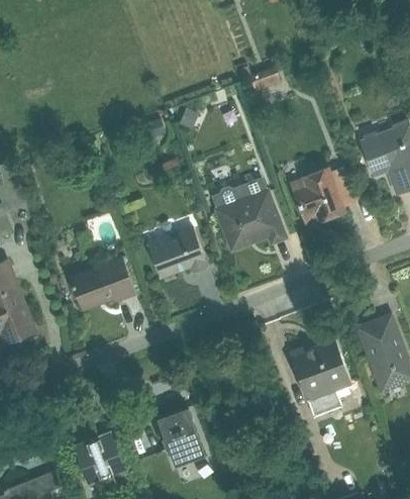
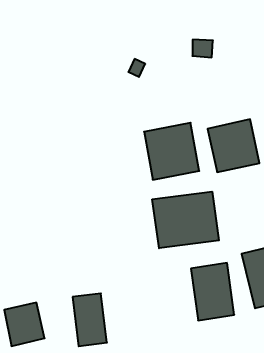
building: [145,216,206,279] -> none
building: [69,254,135,312] -> none
building: none -> [152,192,219,248]

